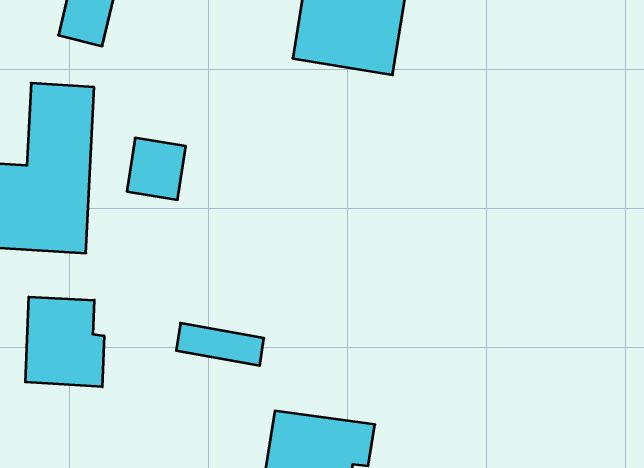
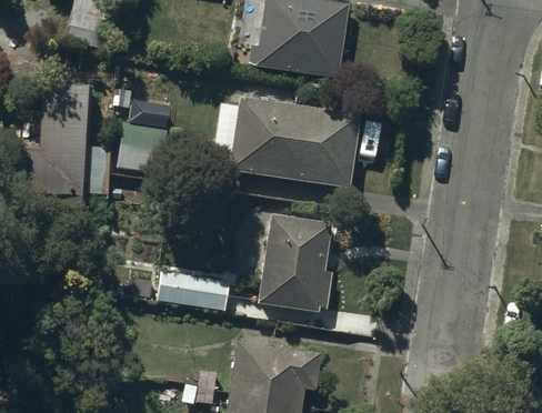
building: none -> [231,98,357,183]
building: none -> [258,214,328,306]
building: [25,297,104,387] -> none

